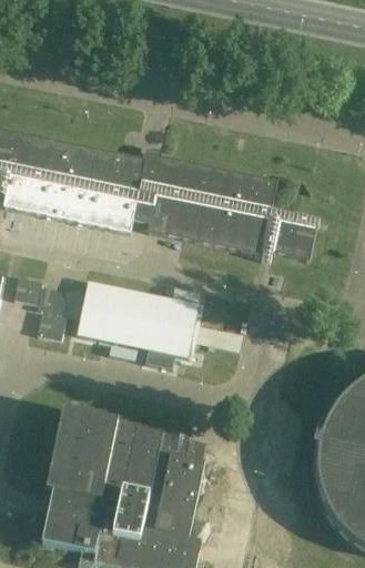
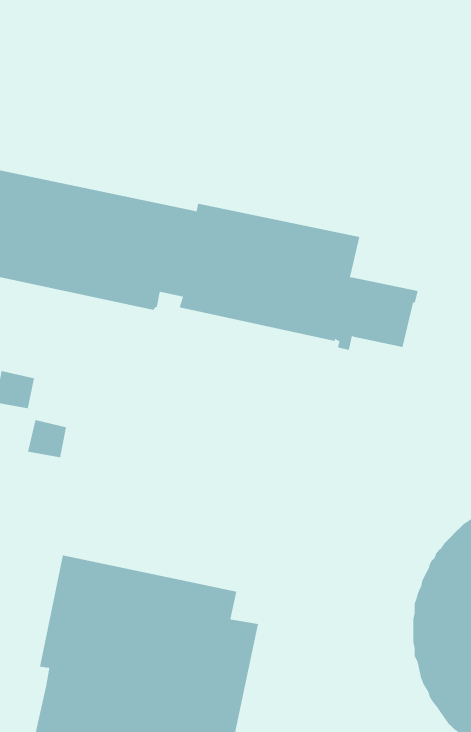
building: [75,282,199,369] -> none

